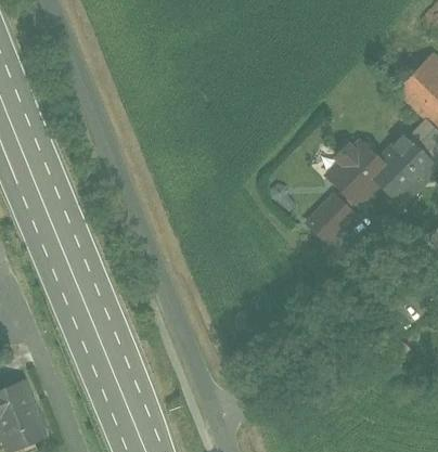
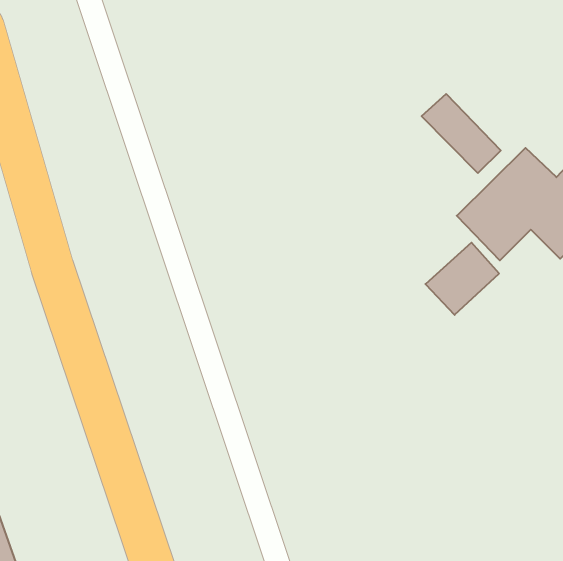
building: none -> [422,94,501,173]

